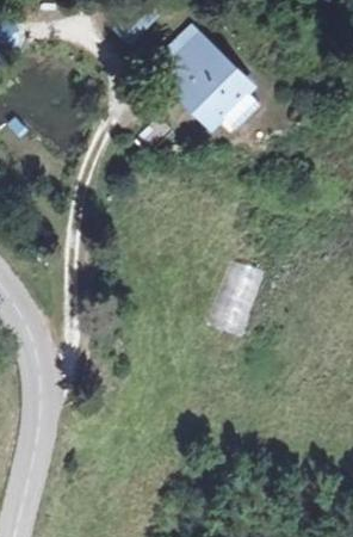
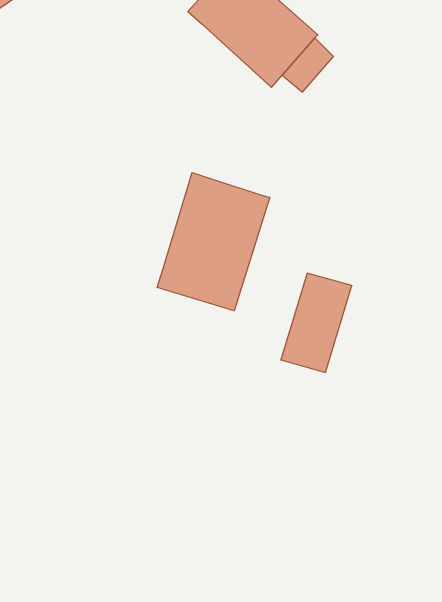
building: none -> [157,173,270,311]

